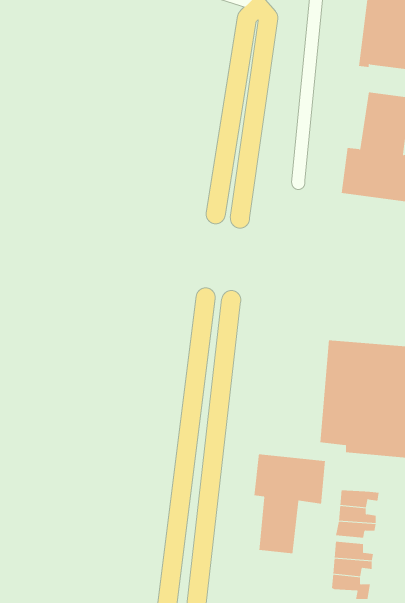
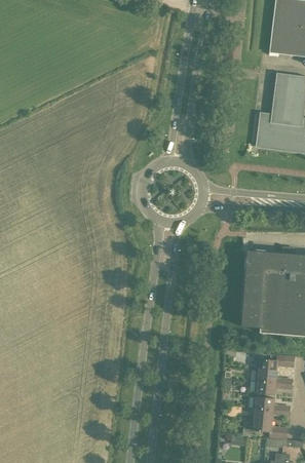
building: [254,453,326,554] -> none

